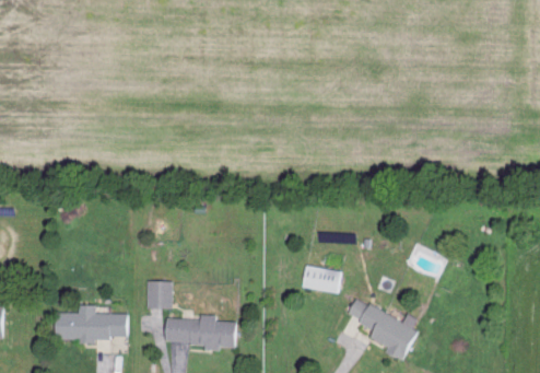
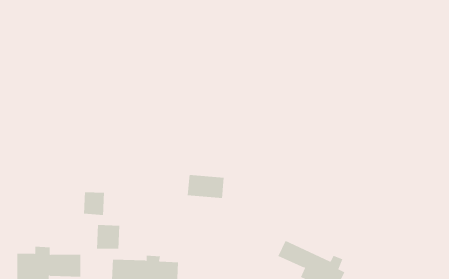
building: none -> [84,191,105,216]
building: [298,267,340,293] -> [187,175,225,198]

